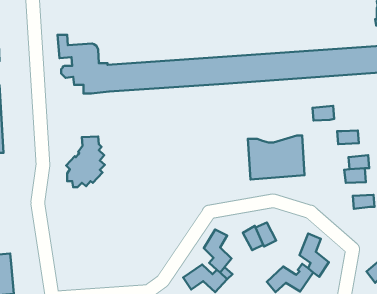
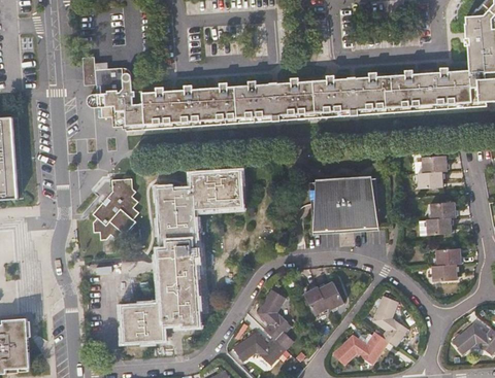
building: [313,106,334,121] -> [422,154,448,172]
building: none -> [124,170,241,340]
building: none -> [432,263,458,280]

